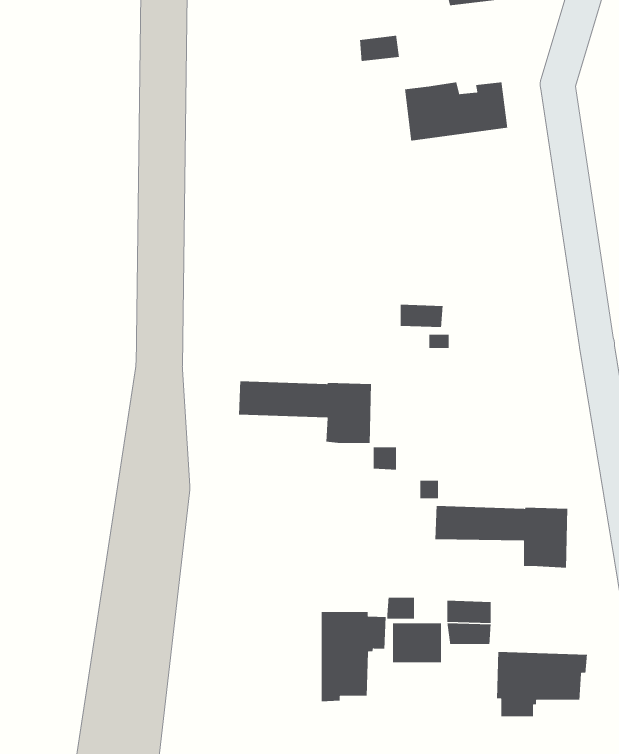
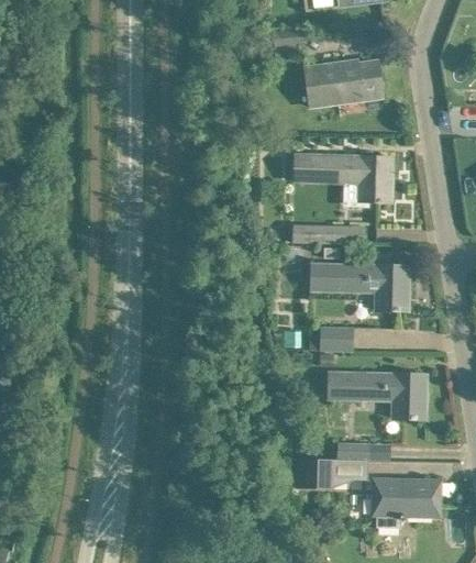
building: none -> [295,155,392,202]
building: [238,381,372,444] -> [312,264,410,310]
building: none -> [310,327,353,352]
building: [321,611,386,702] -> none

